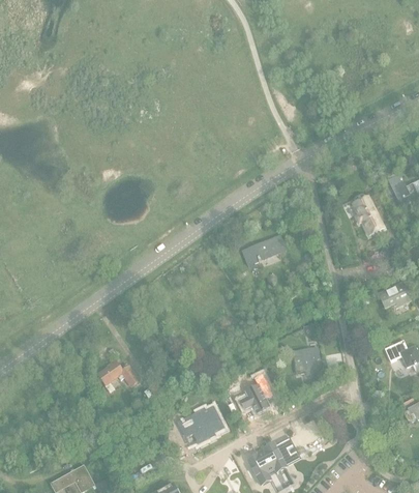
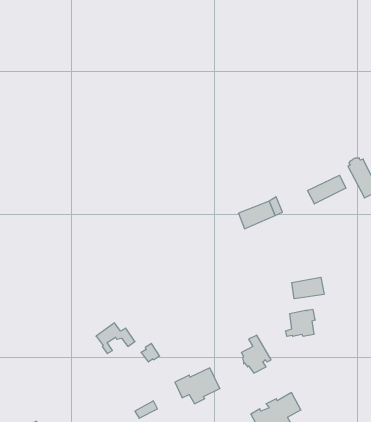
building: none -> [308,175,346,204]
building: none -> [292,277,324,299]

